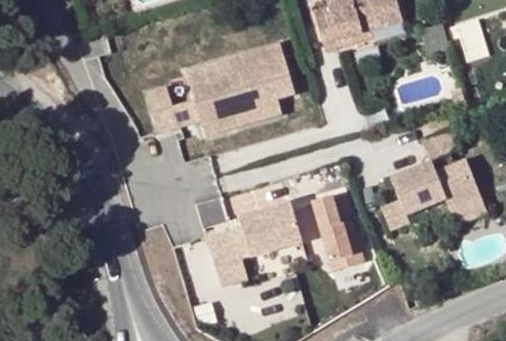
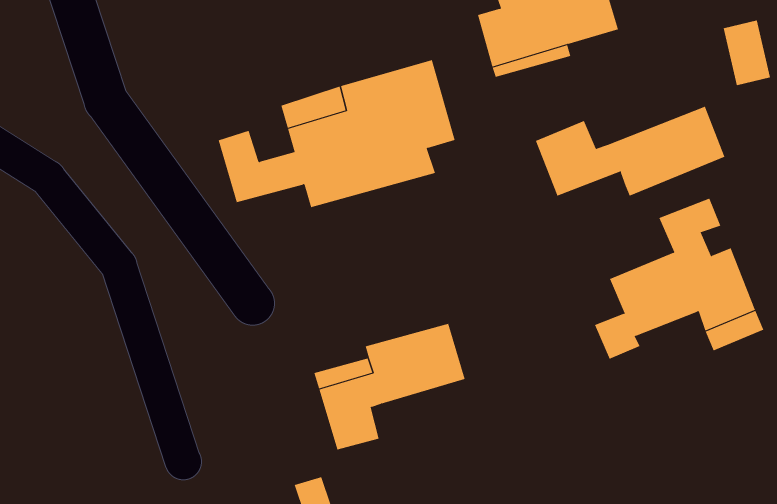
building: none -> [535,106,725,197]
building: [315,195,365,272] -> none

